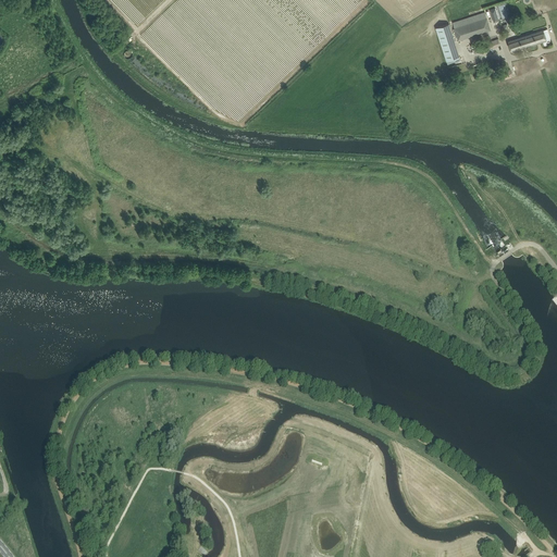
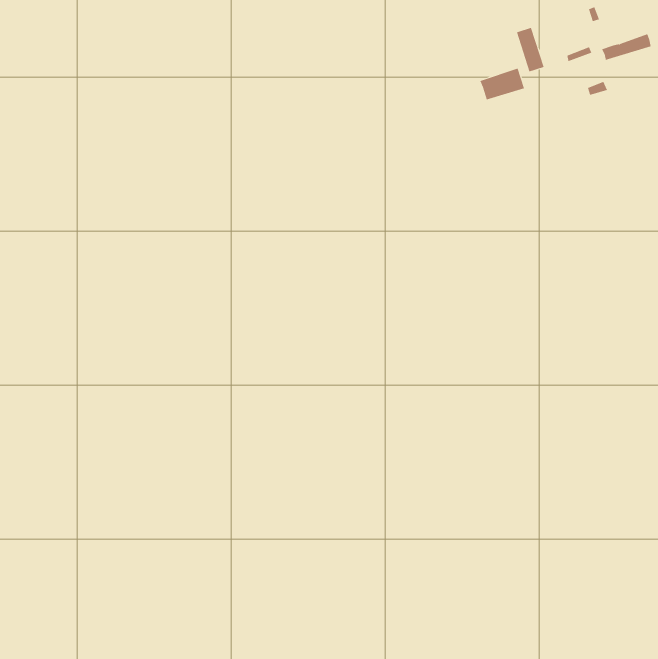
building: [451,12,490,39] -> [480,68,525,100]

